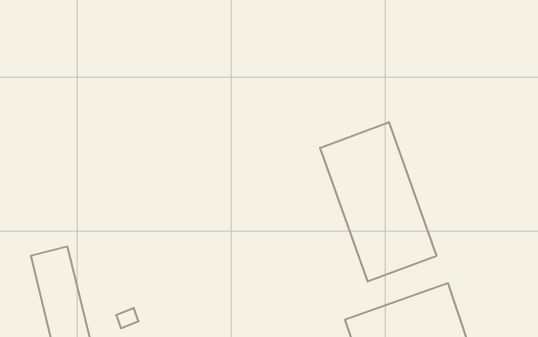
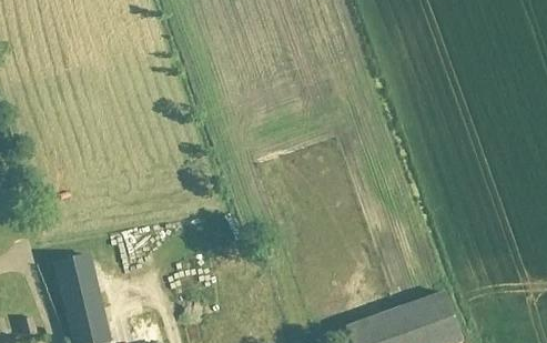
building: [320,122,436,282] -> none

